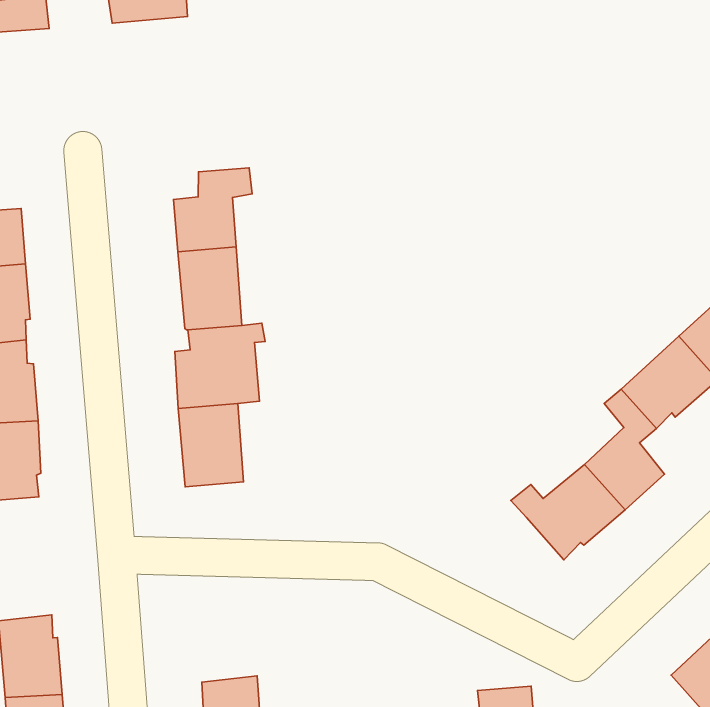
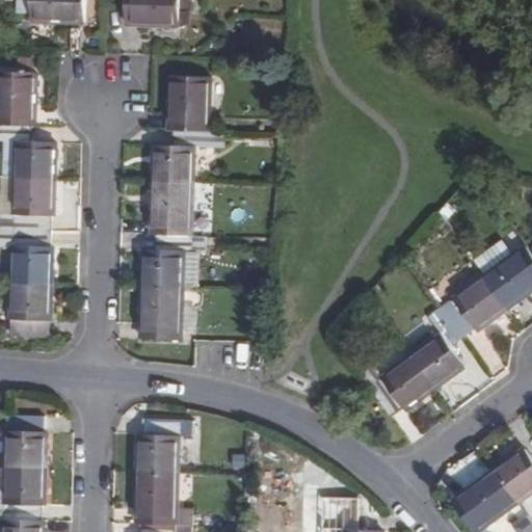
building: none -> [167,78,209,131]
building: none -> [137,419,177,472]

